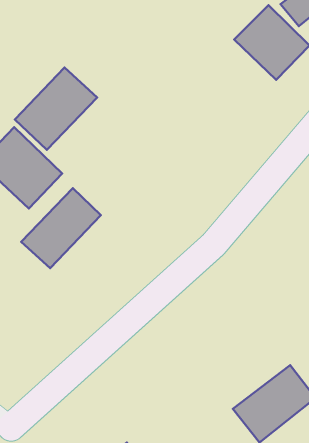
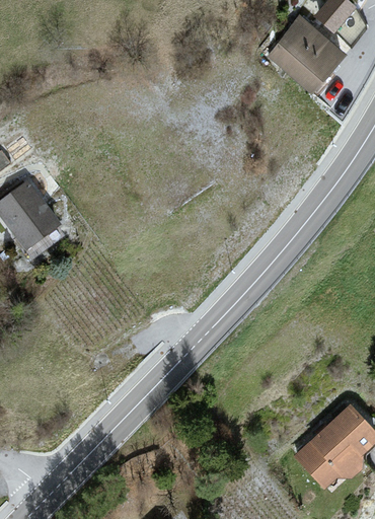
building: [15,67,97,150] -> none
building: [21,188,101,268] -> none

